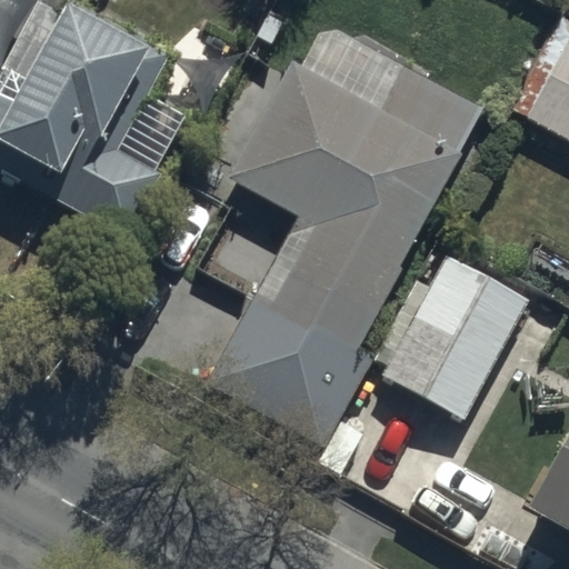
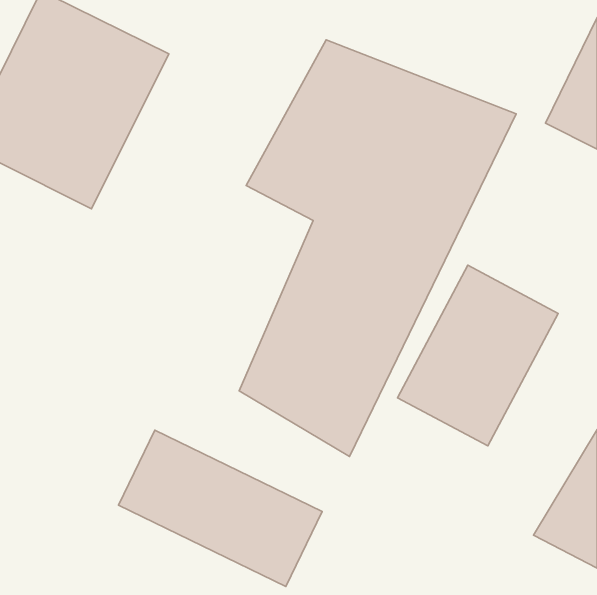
building: none -> [119,430,322,586]

